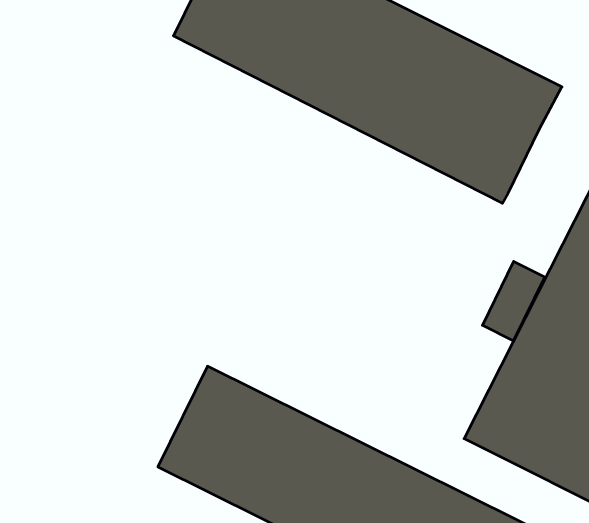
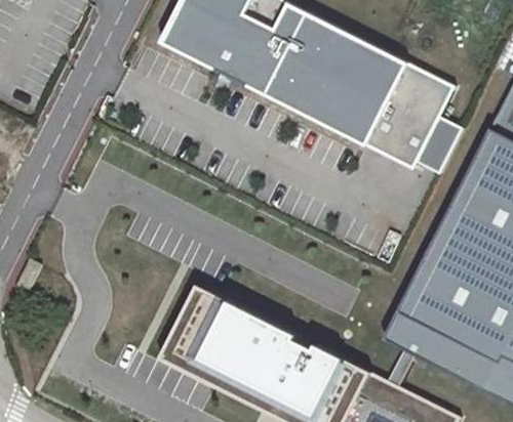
building: [482,261,545,341] -> [417,115,462,172]

